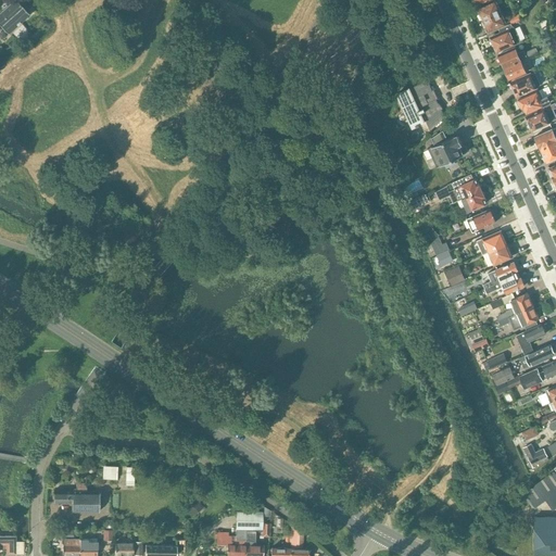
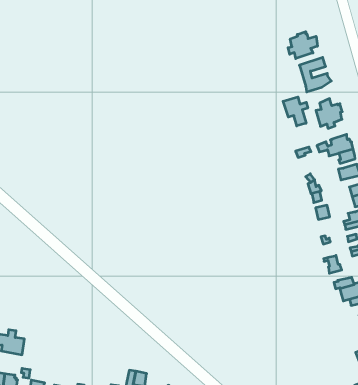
building: none -> [288,32,317,59]
building: none -> [283,97,308,126]

